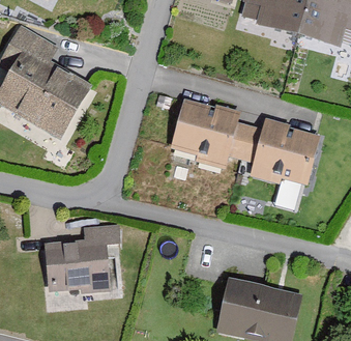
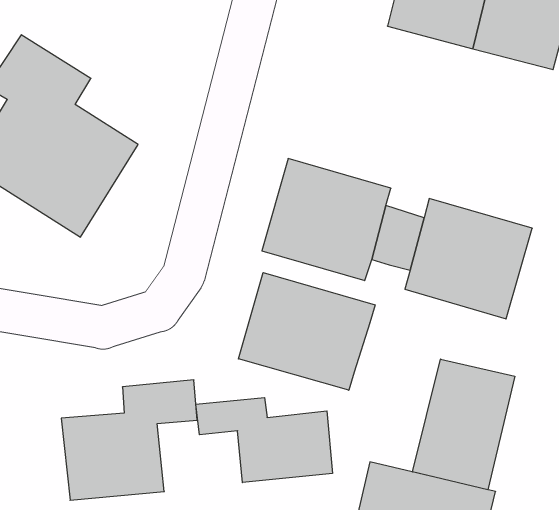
building: none -> [238,273,375,390]
building: none -> [412,359,515,490]
building: none -> [196,398,332,483]

